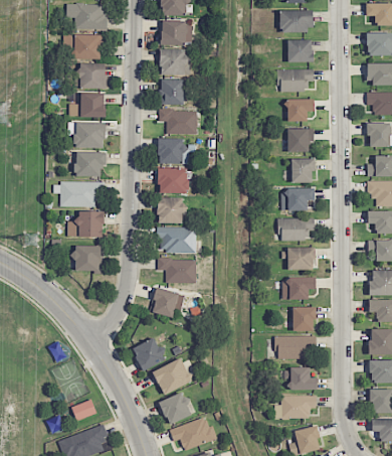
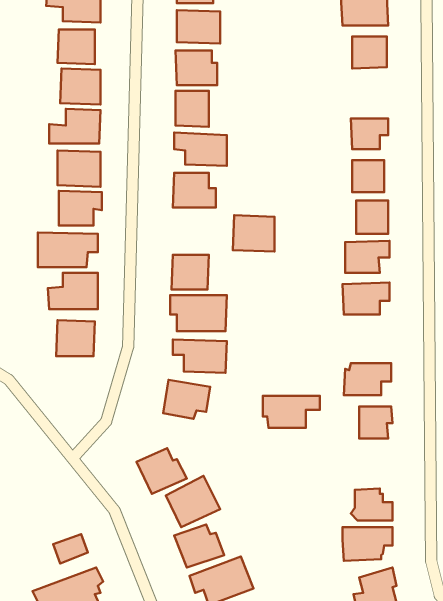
building: [278,68,315,91] -> none
building: [158,167,188,193] -> [233,215,274,251]
building: [281,247,316,270] -> none
building: [274,335,316,358] -> [263,396,320,428]

